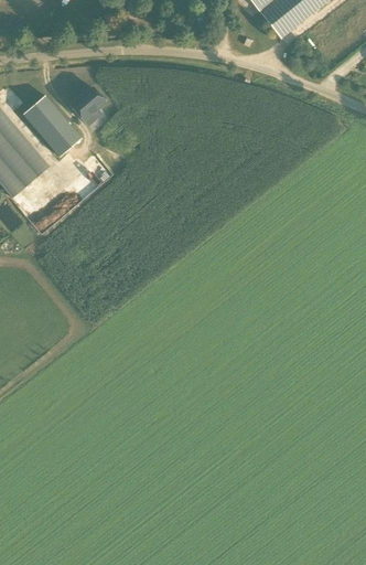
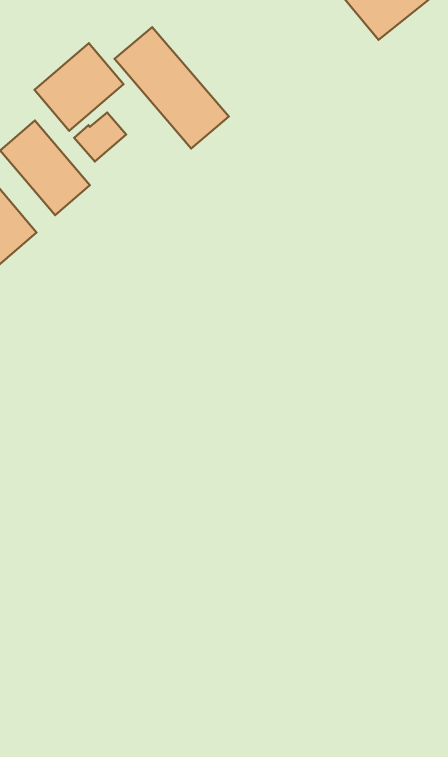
building: none -> [114,27,229,149]
building: none -> [34,43,123,131]

